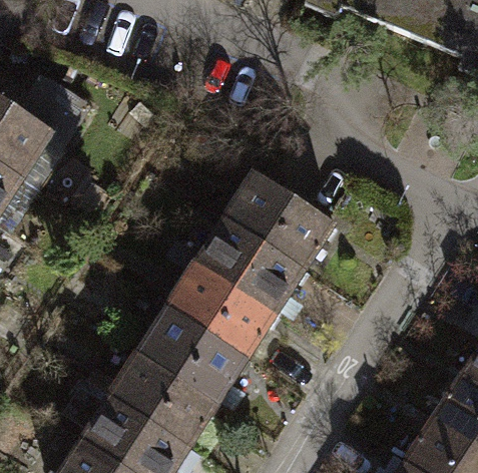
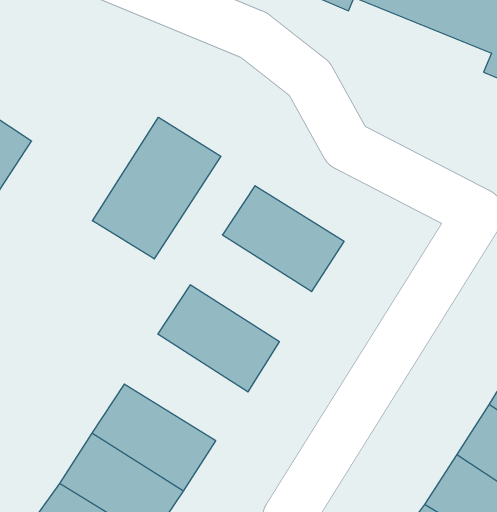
building: none -> [92,117,221,259]
building: [196,215,306,312] -> none
building: [137,305,249,401] -> none

